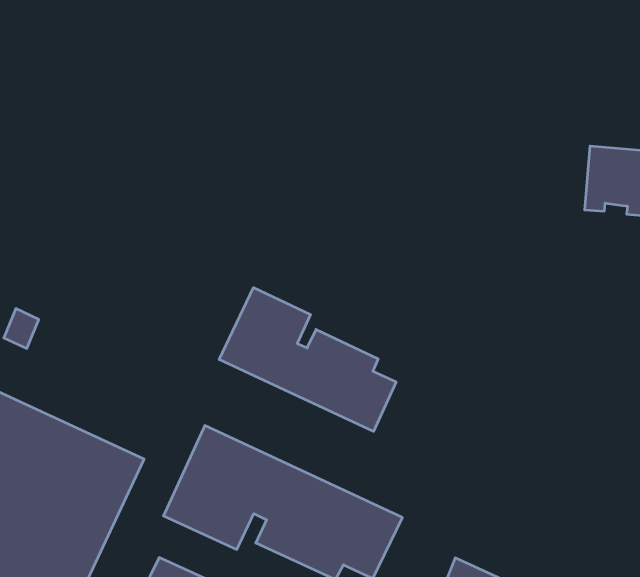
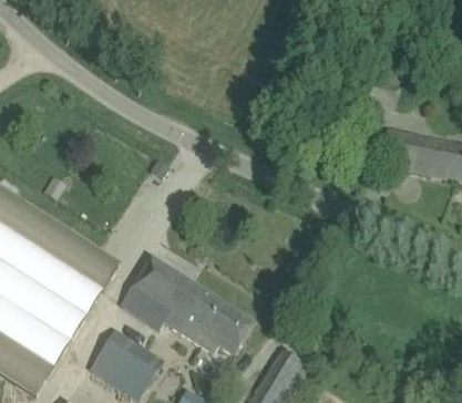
building: [219,288,396,431] -> none

